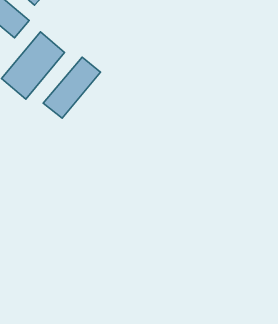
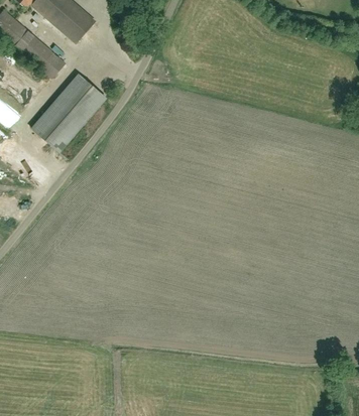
building: [43,57,100,118] -> none

